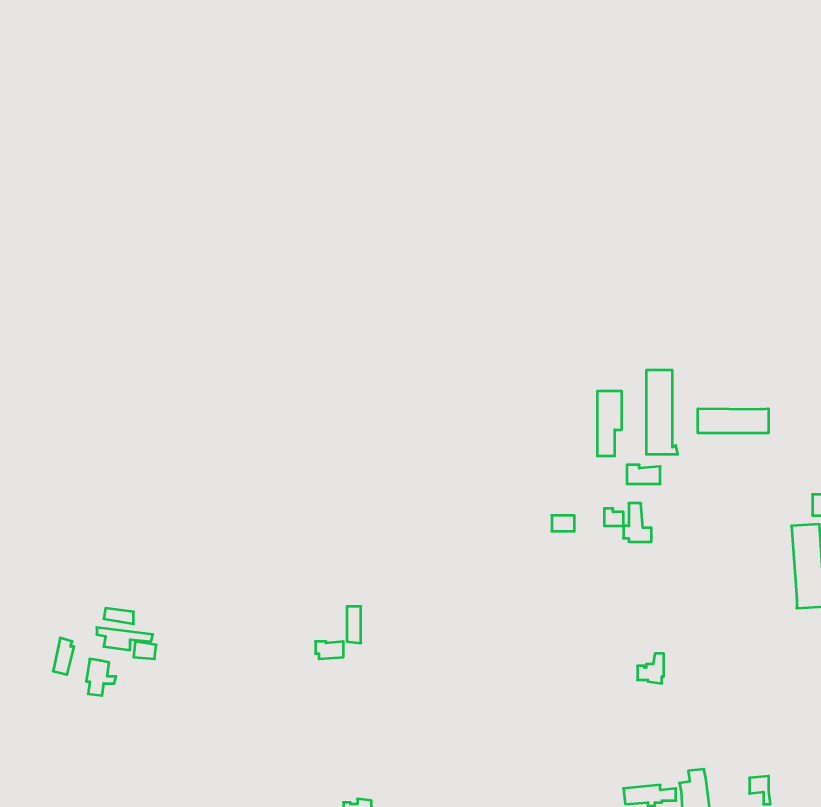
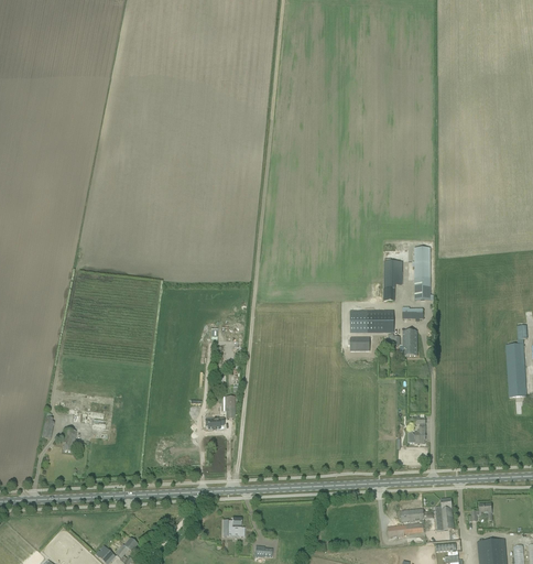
building: [698,409,768,433] -> none
building: none -> [349,311,393,333]

